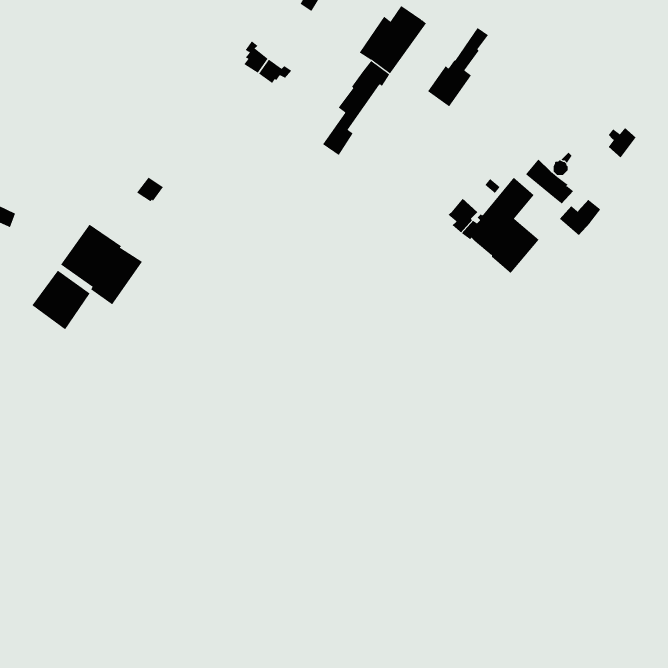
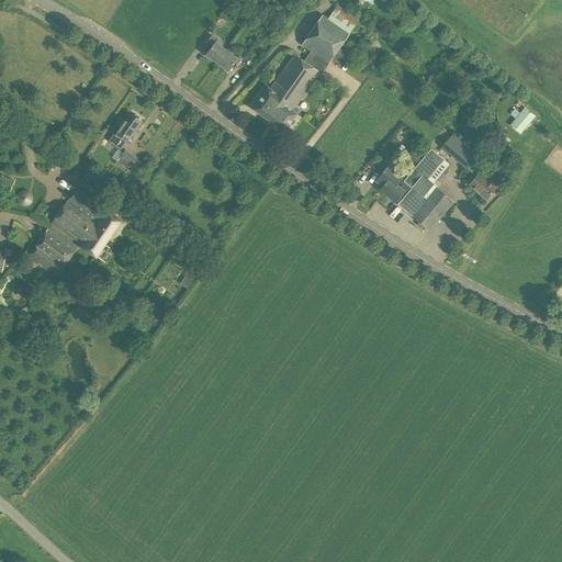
building: [427,27,489,107] -> [251,54,303,121]
building: none -> [108,113,139,148]

